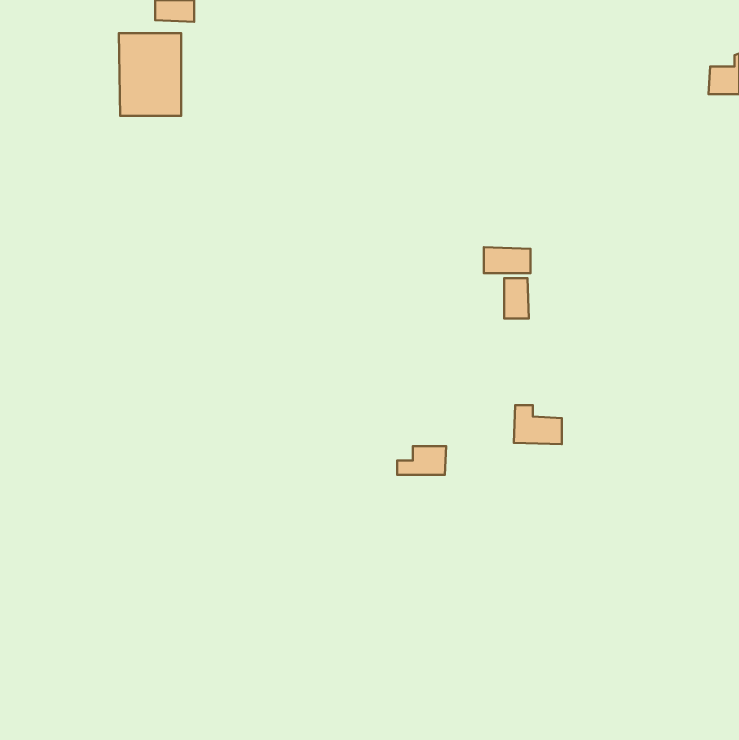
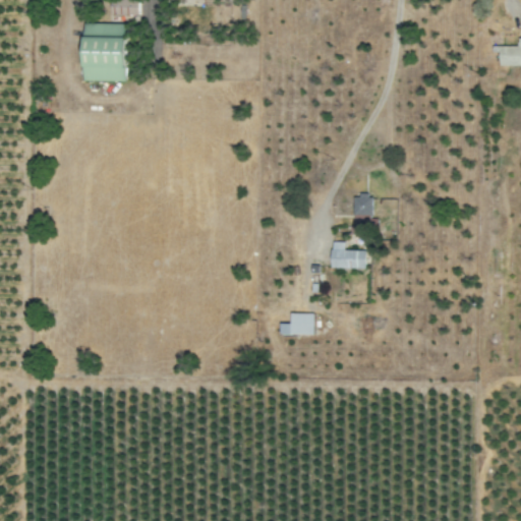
building: [484,247,530,273] -> none
building: [514,405,562,444] -> [331,242,364,270]

